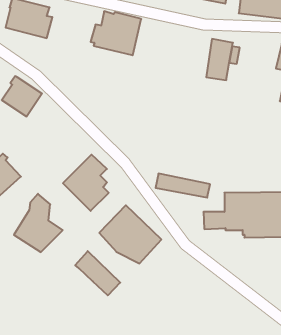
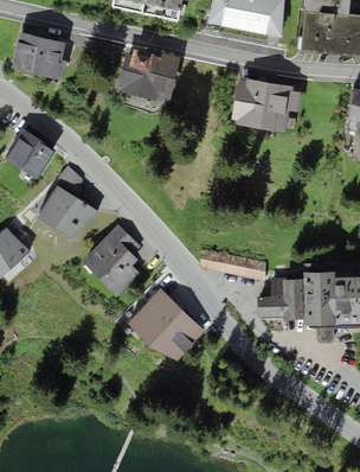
building: none -> [231,78,268,129]
building: [14,194,63,252] -> [38,166,98,238]
building: [75,251,120,295] -> none

